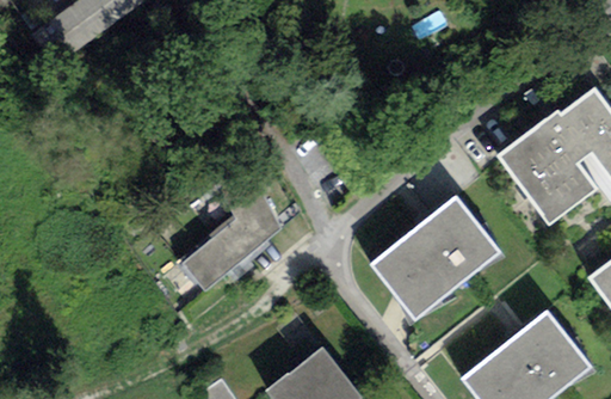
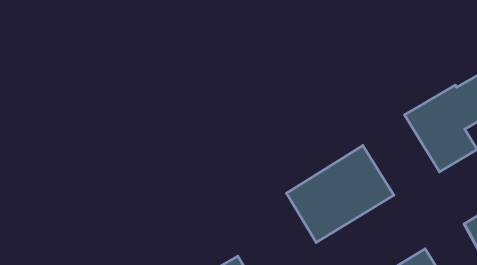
building: [183,170,282,289] -> none

